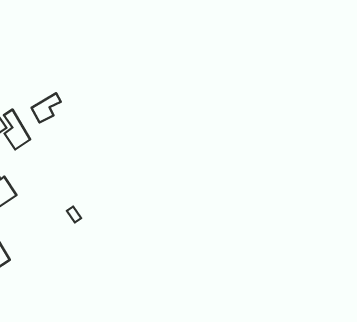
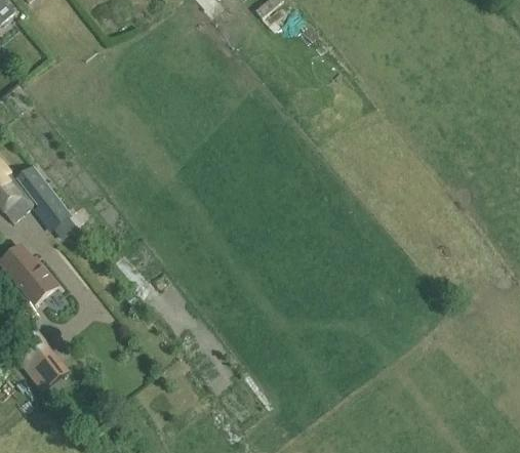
building: [32,93,61,123] -> none

